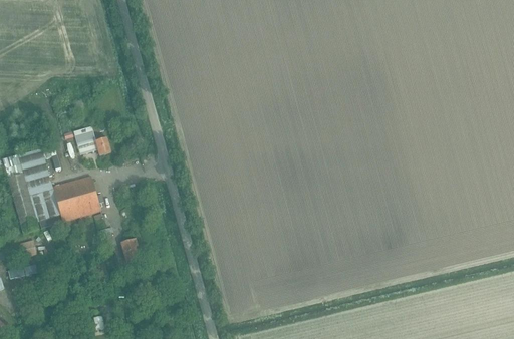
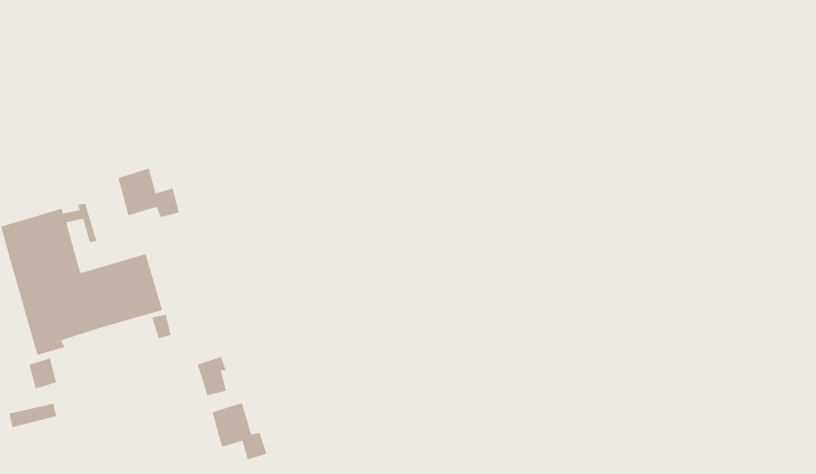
building: none -> [211,402,267,460]

